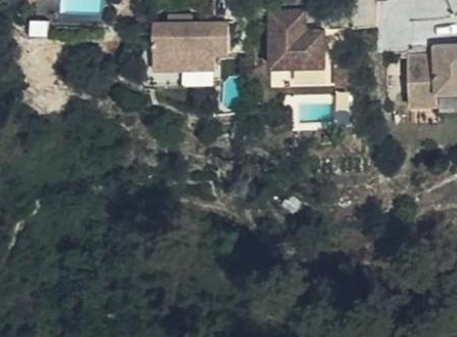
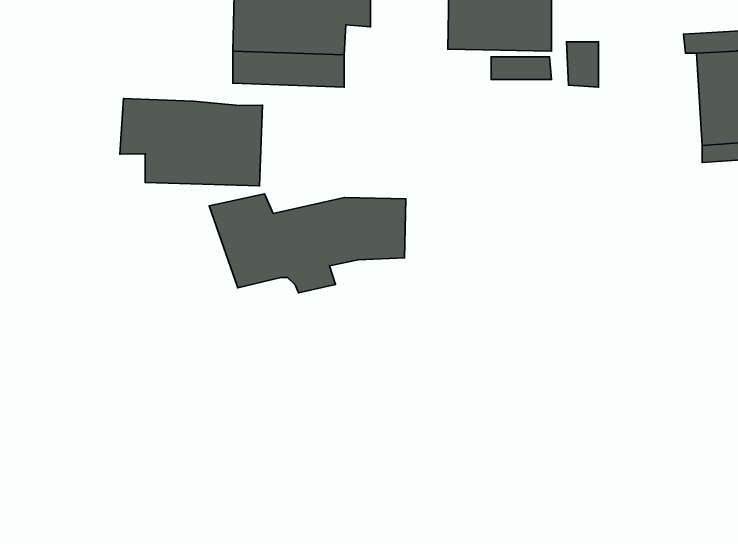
building: none -> [120,99,263,186]
building: none -> [209,194,406,293]

